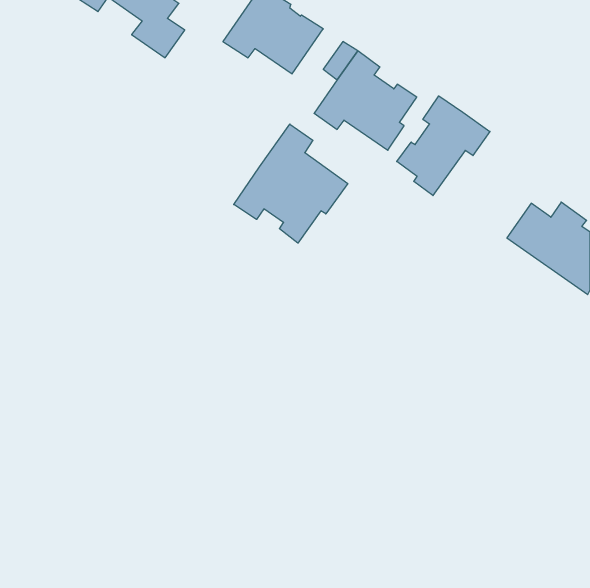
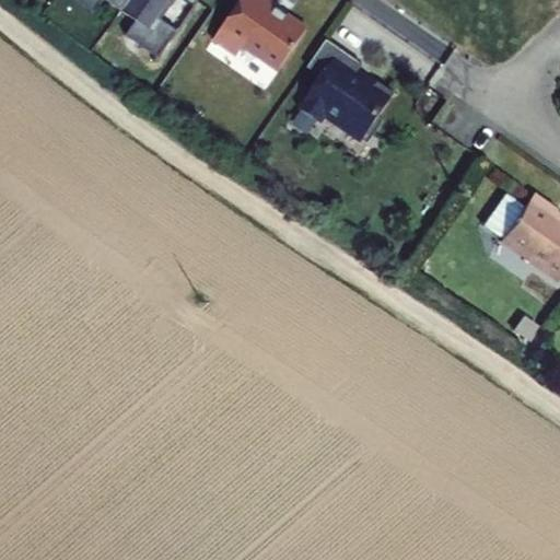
building: [397,96,490,196] -> none
building: [234,124,348,243] -> none

